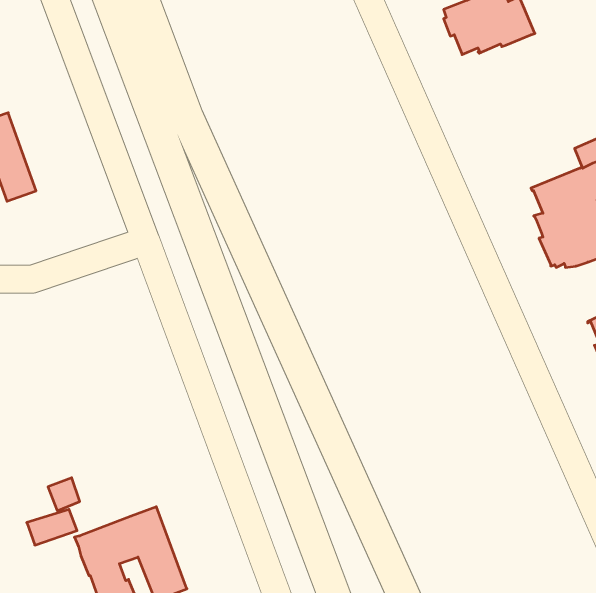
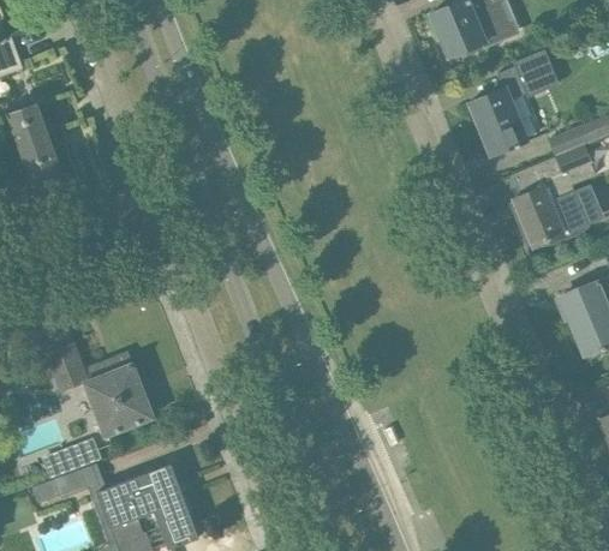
building: none -> [470,52,557,154]
building: none -> [46,342,153,437]

